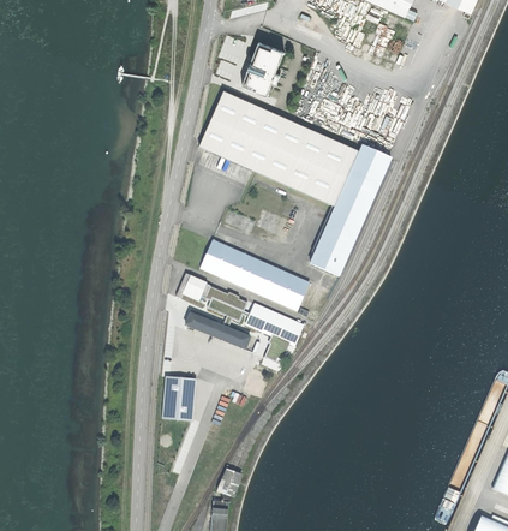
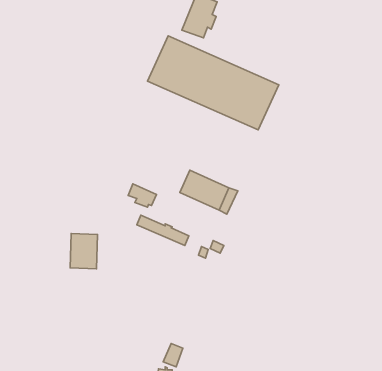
building: [309,144,390,275] -> none
building: [199,239,250,284] -> none
building: [245,303,303,345] -> none
building: [161,377,195,420] -> [70,233,97,269]

